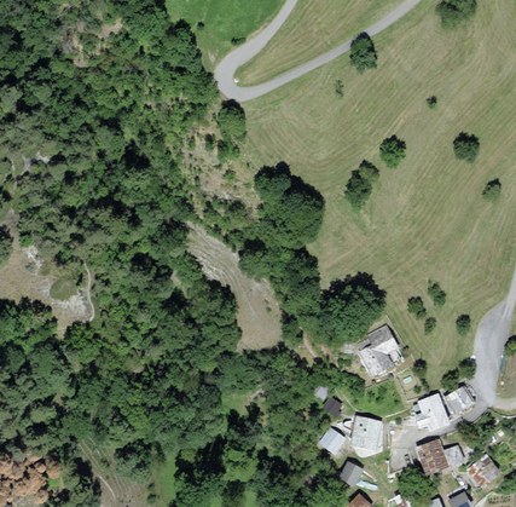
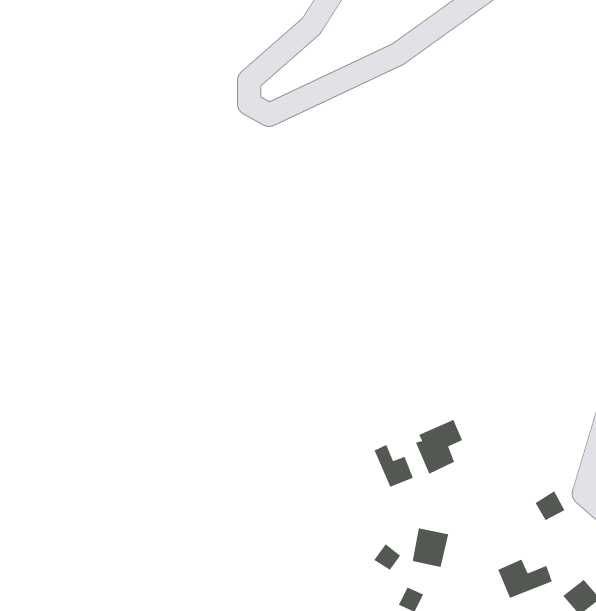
building: none -> [374,444,414,488]
building: [416,393,450,428] -> none

